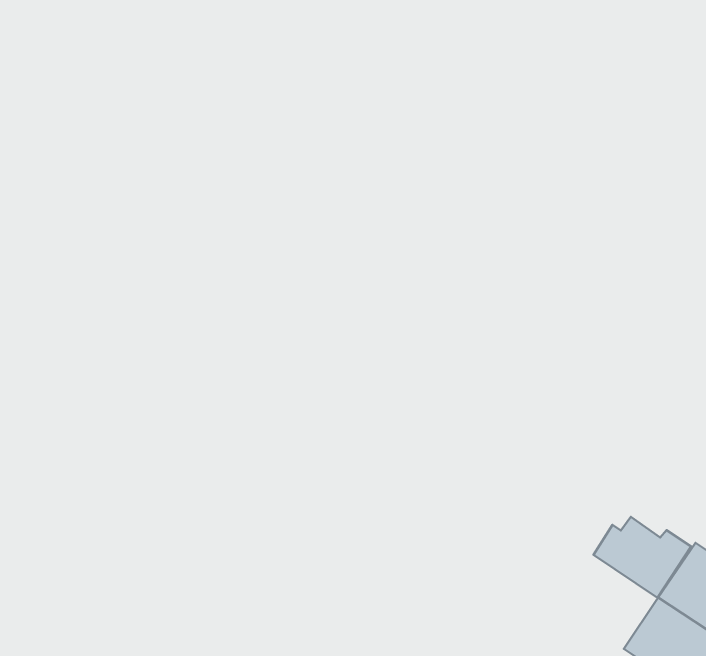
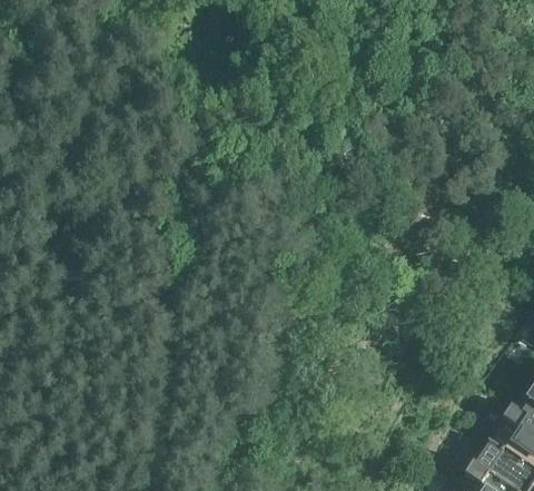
building: [593,517,691,598] -> none

